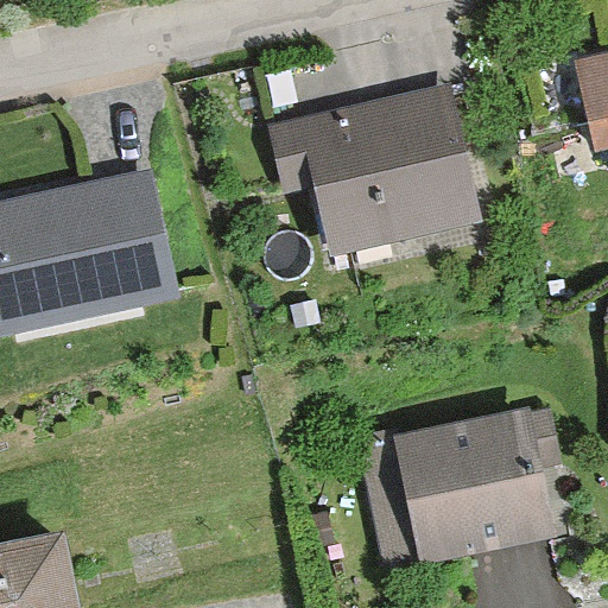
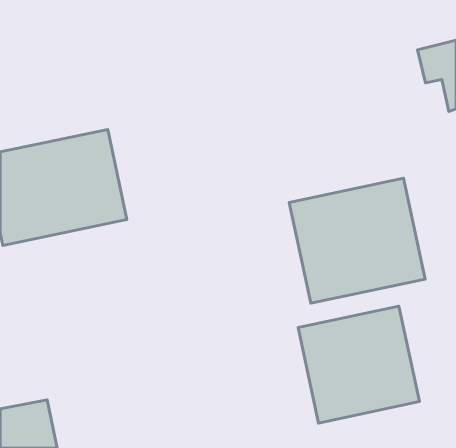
building: [271,82,482,258] -> none
building: none -> [289,178,425,303]

